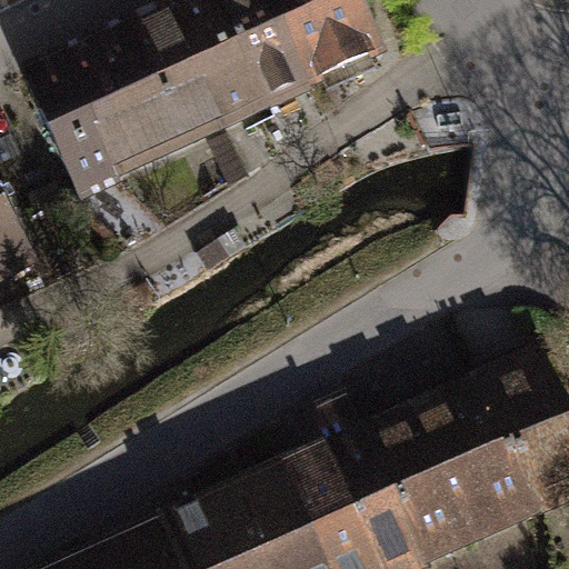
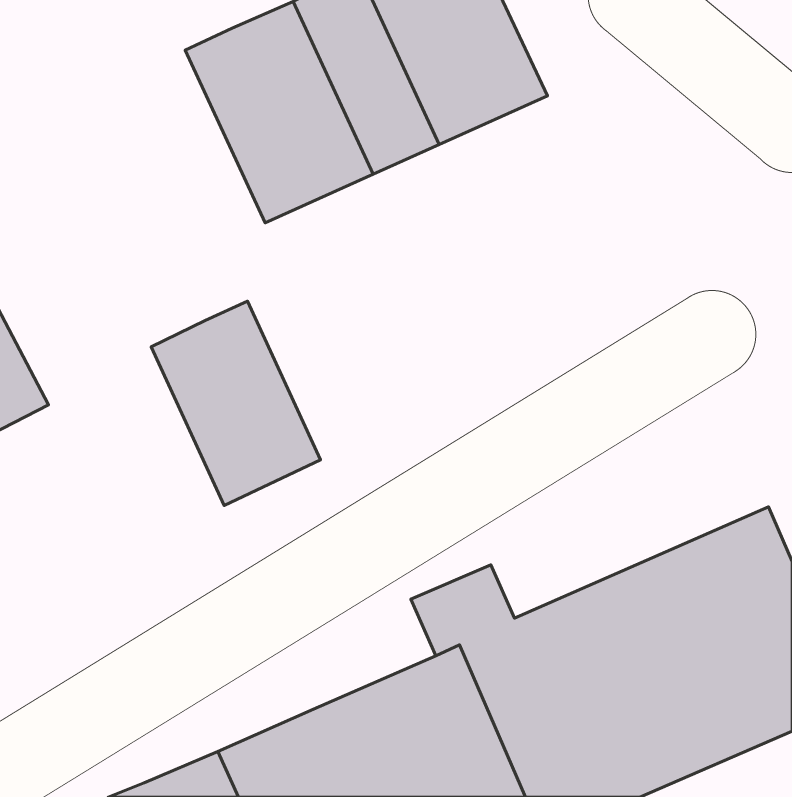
building: [23,36,188,208] -> none
building: none -> [151,301,320,505]

